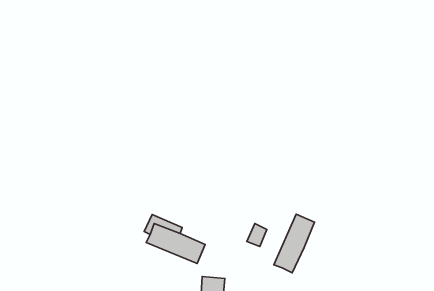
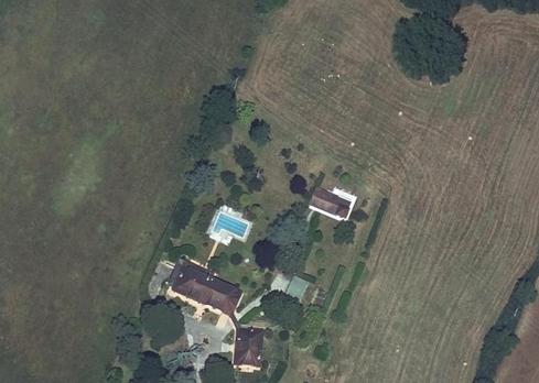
building: none -> [310,184,352,215]
building: [274,214,315,273] -> none

